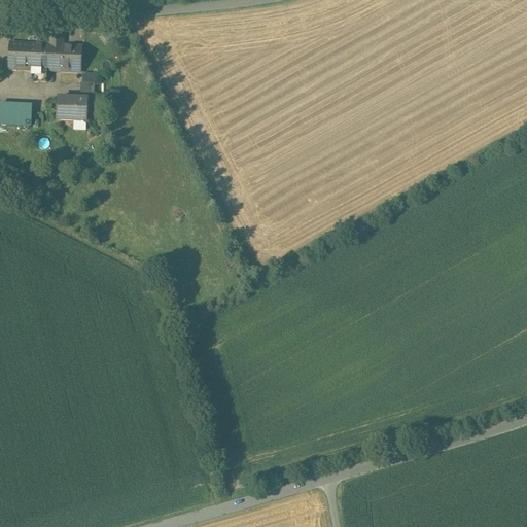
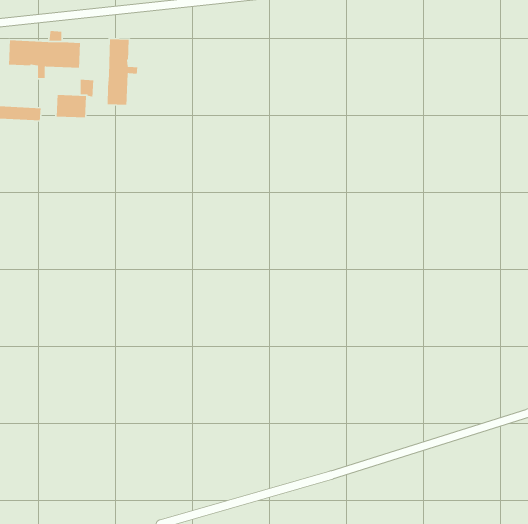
building: none -> [107,38,138,106]

